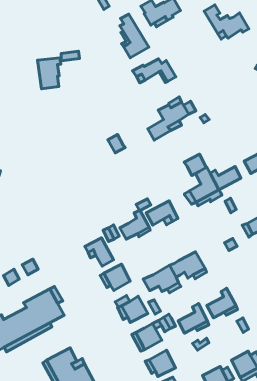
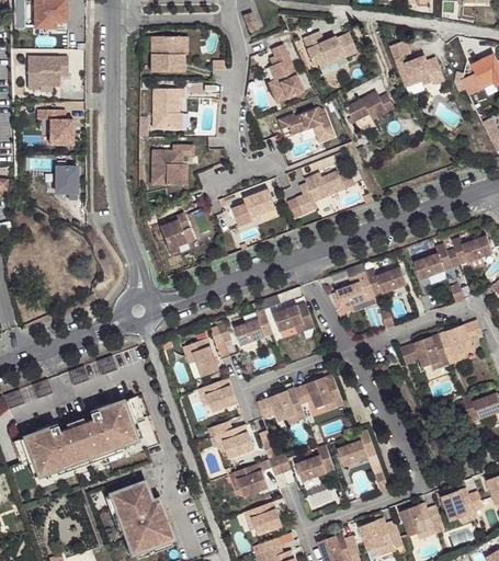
building: none -> [151,36,184,71]
building: none -> [347,92,396,124]
building: none -> [152,145,194,184]
building: none -> [245,188,276,218]
building: none -> [160,211,195,249]
building: [184,154,206,175] -> none

